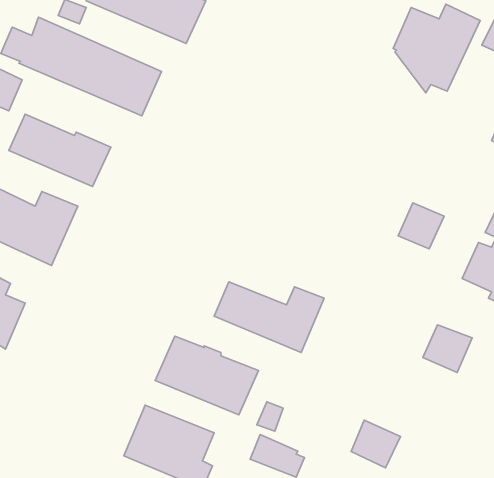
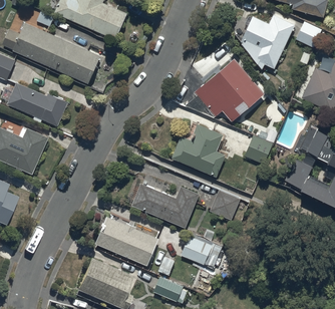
building: none -> [195,58,263,120]
building: none -> [172,123,225,176]
building: [423,325,472,372] -> [210,191,240,220]
building: [351,420,400,468] -> [182,236,212,265]

